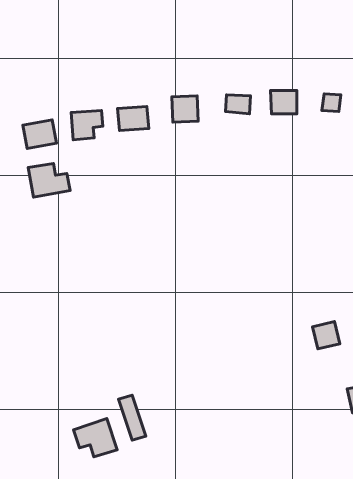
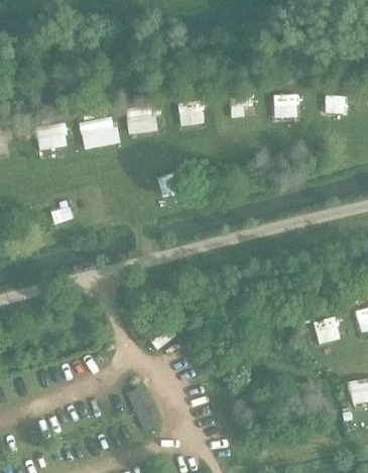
building: [28,164,70,197] -> none
building: [73,418,117,457] -> none

